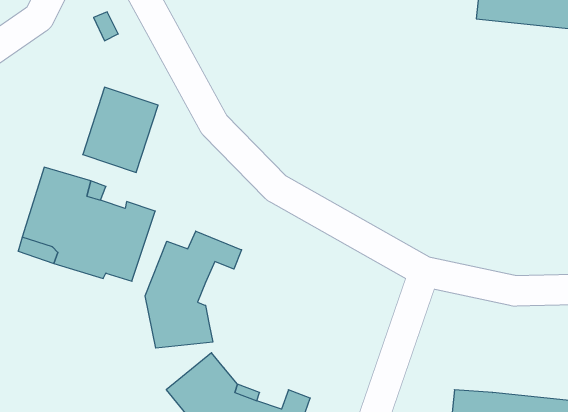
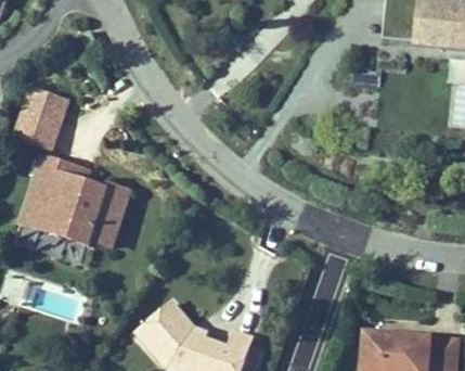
building: [83,87,158,172] -> [10,86,69,153]
building: [145,231,242,348] -> none

